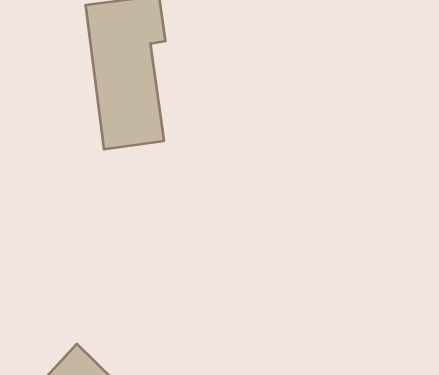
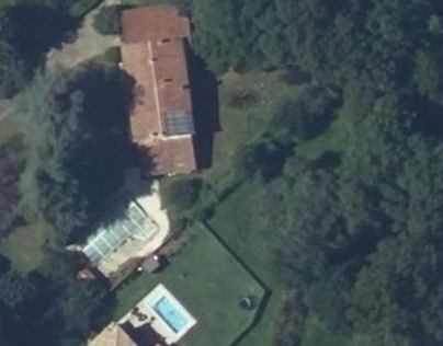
building: none -> [138,137,195,174]

